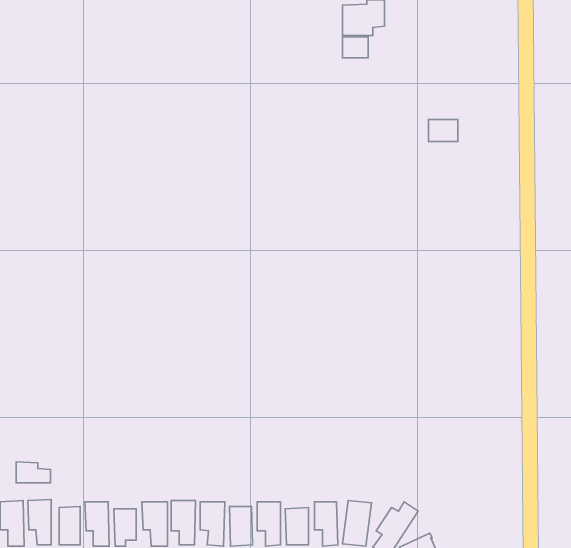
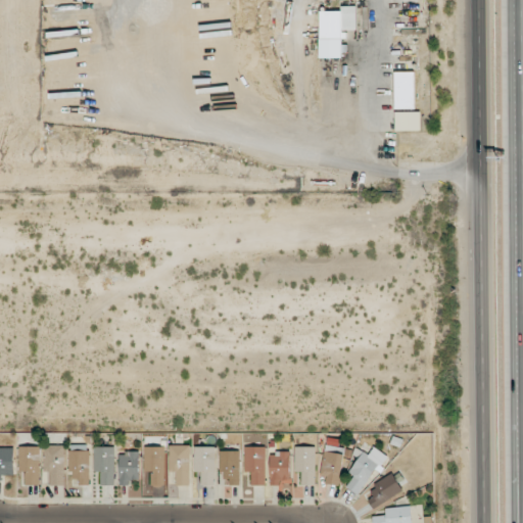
building: none -> [393,73,414,109]
building: [16,462,51,483] -> none

